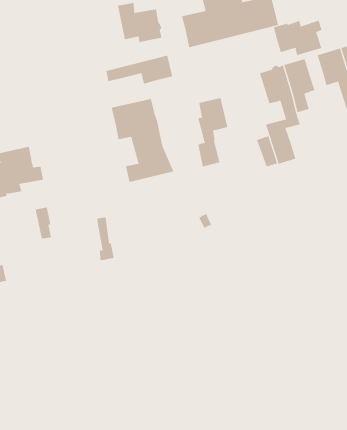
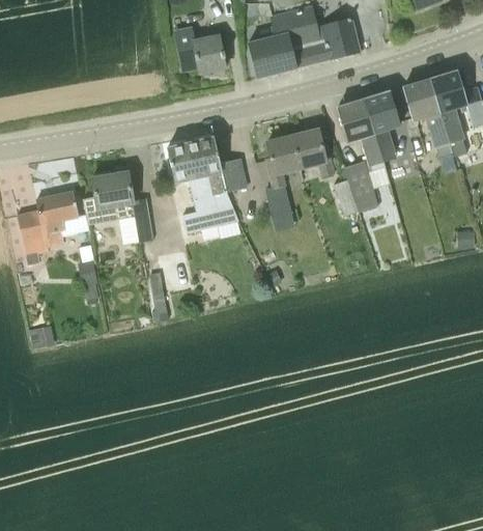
building: [273,20,326,56] -> none
building: [106,55,173,85] -> none
building: none -> [293,129,335,176]
building: none -> [221,157,249,191]
building: none -> [84,170,153,241]

